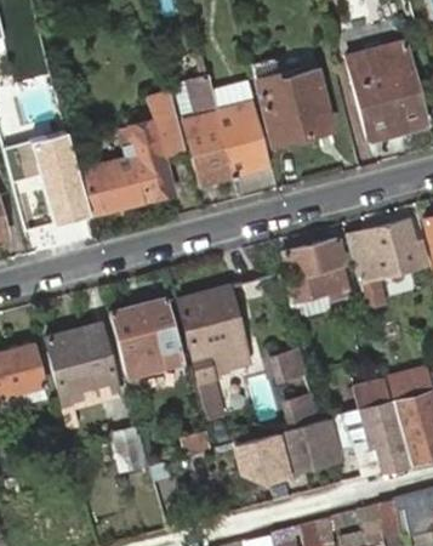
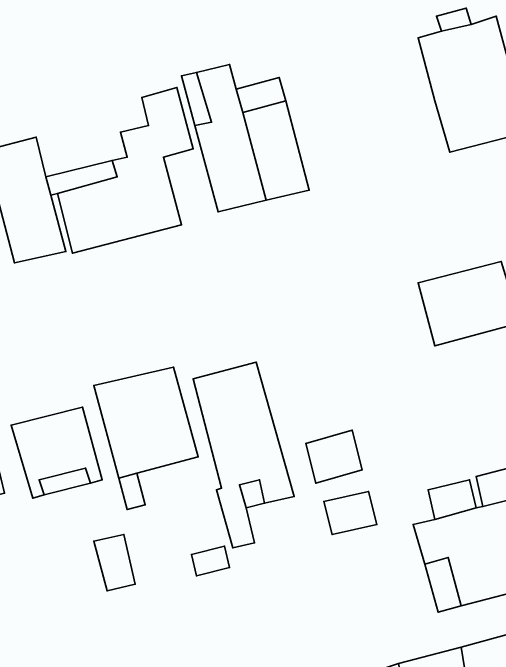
building: [256,72,330,152] -> none
building: [284,239,349,308] -> none
building: [229,419,338,485] -> none

